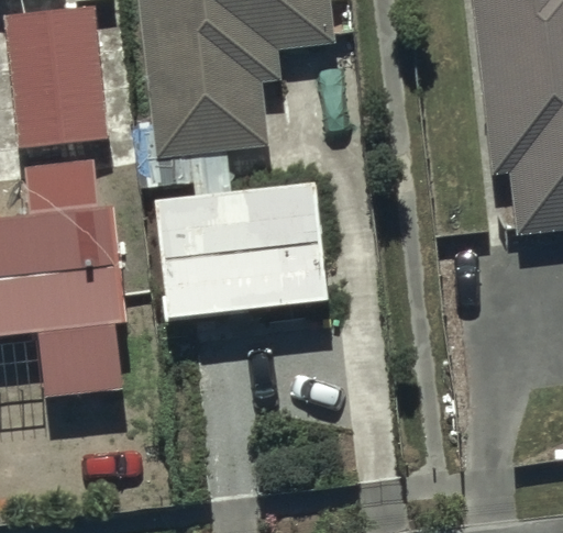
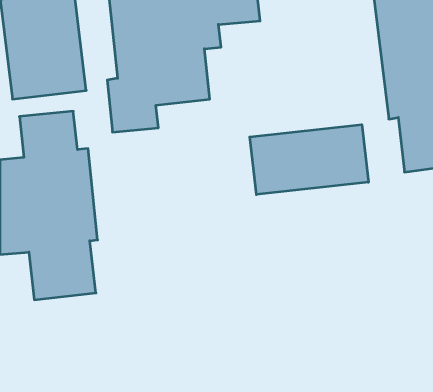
building: none -> [250,125,368,195]
building: [155,186,327,319] -> none

